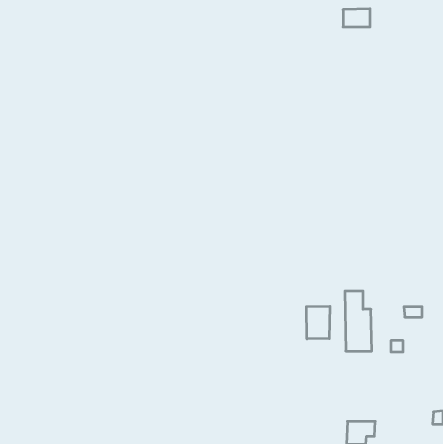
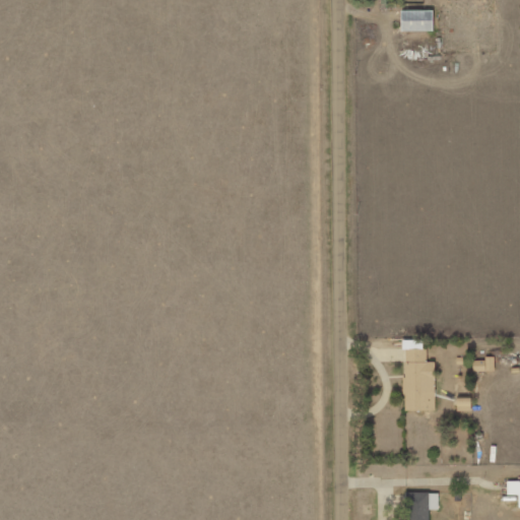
building: [306,306,330,339] -> none

